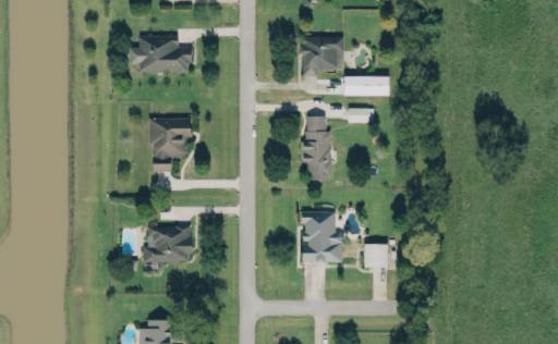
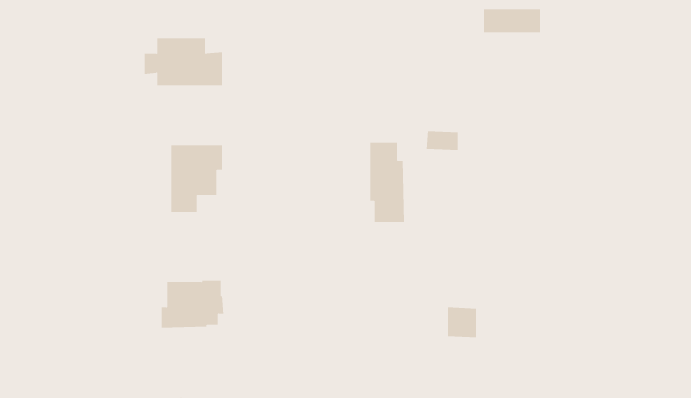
building: [301,33,342,74] -> none
building: [343,78,388,97] -> [483,9,541,33]
building: [301,209,341,260] -> none

